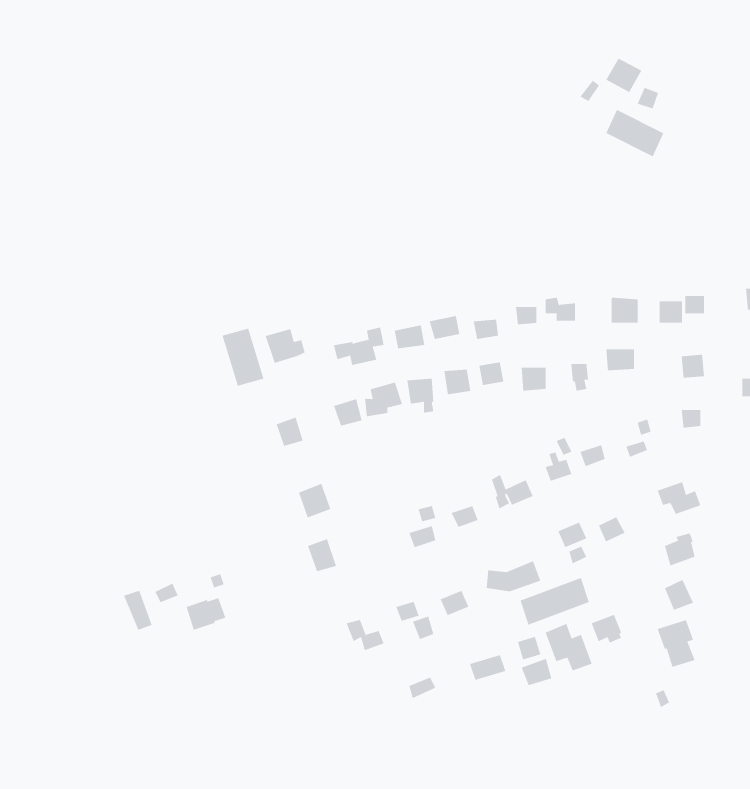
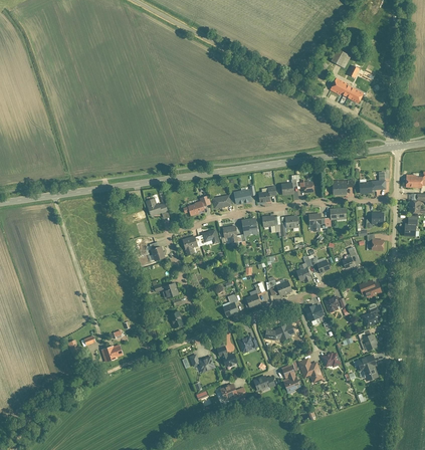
building: [222,328,264,386] -> none
building: [520,577,590,626] -> none

